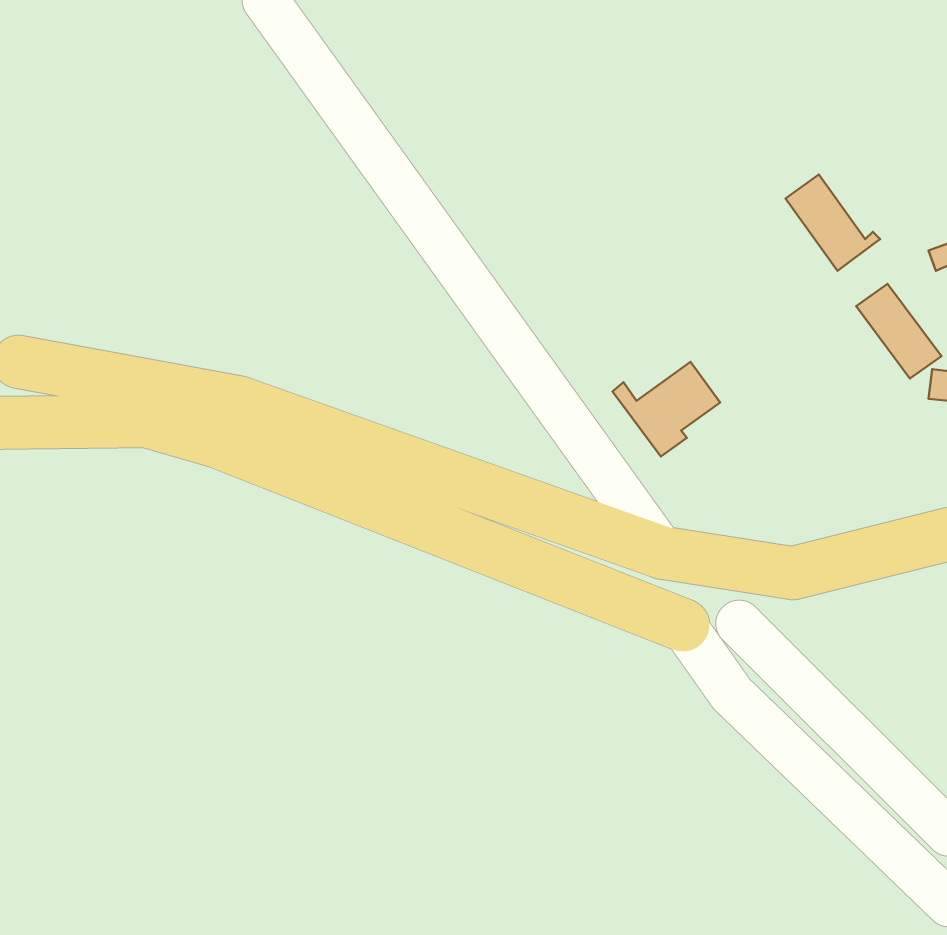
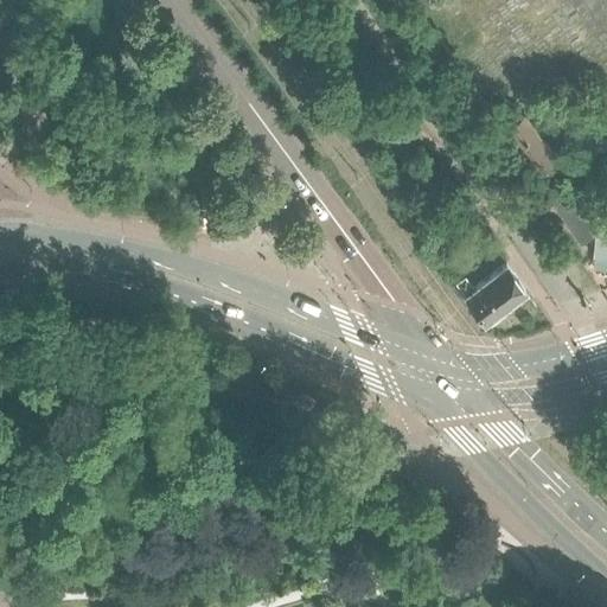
building: [612,362,720,456] -> [458,271,526,332]

